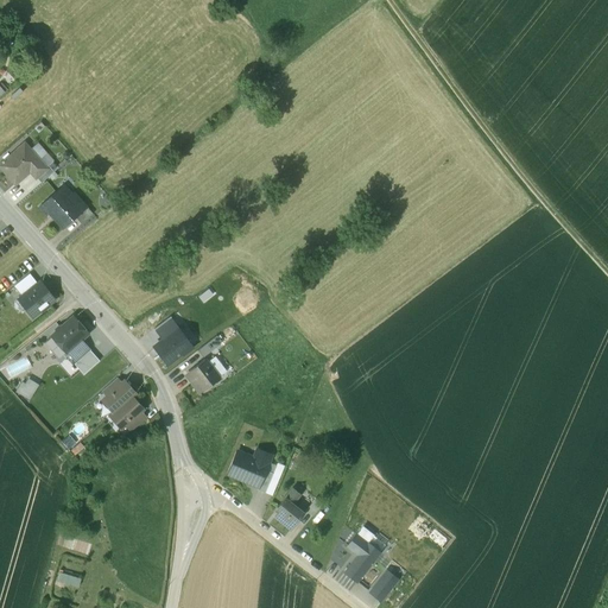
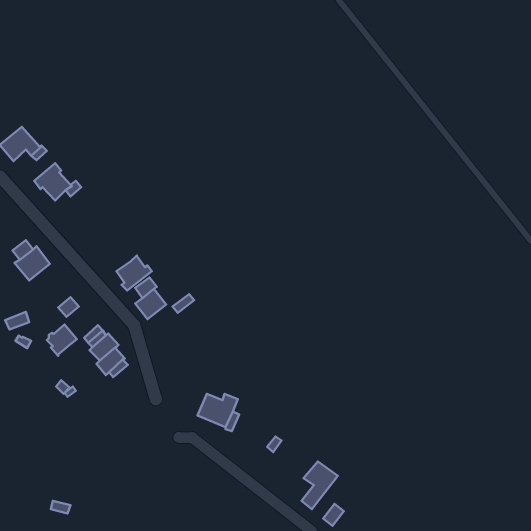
building: none -> [116,256,152,291]
building: [53,317,88,353] -> [47,325,77,356]
building: [189,359,220,393] -> none
building: [274,488,303,530] -> none

